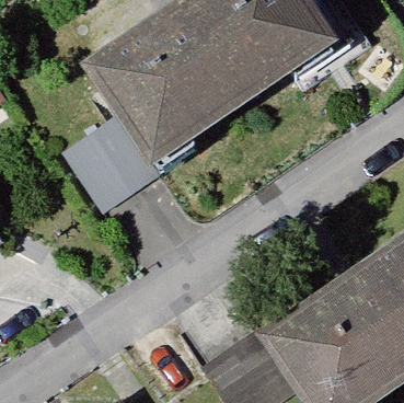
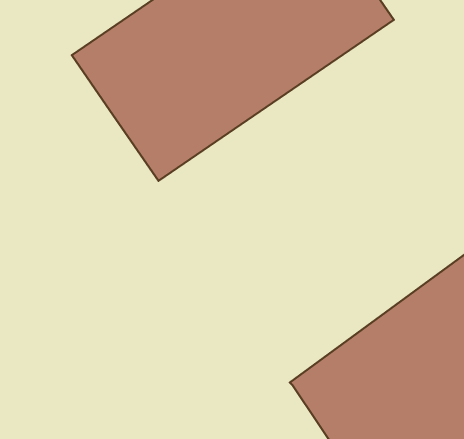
building: [57,127,148,217] -> none

